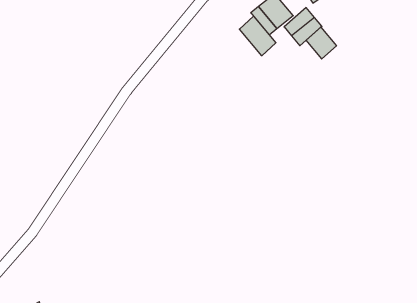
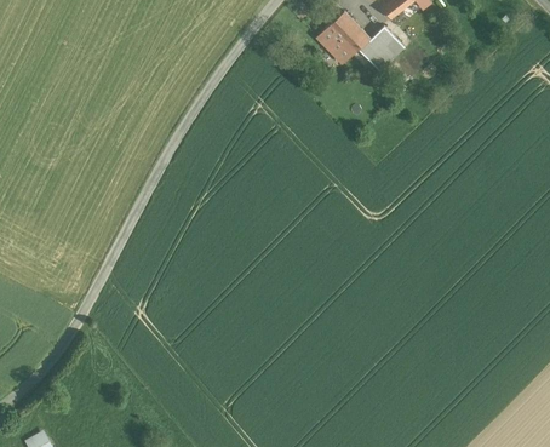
building: [239,16,276,56] -> none
building: [306,27,336,59] -> none

